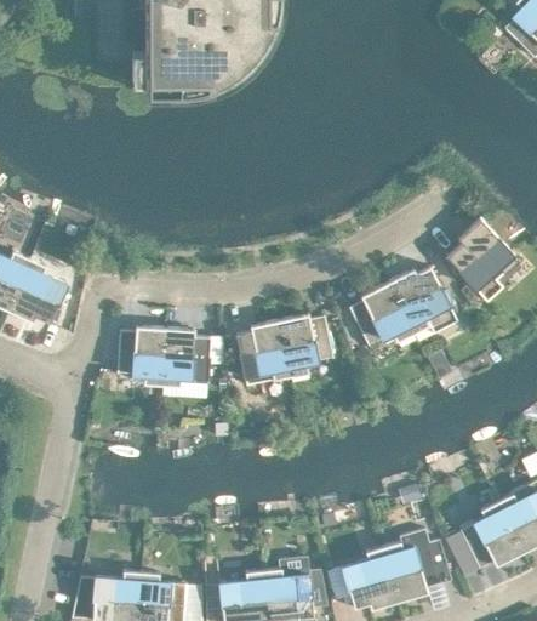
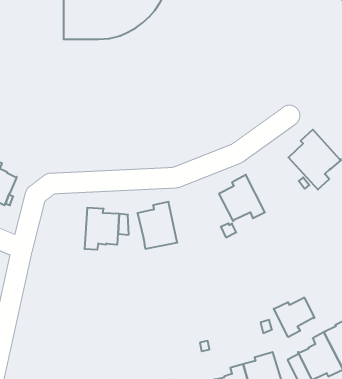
building: [387,268,457,335] -> none
building: [279,317,333,377] -> none
building: [116,327,165,386] -> none
building: none -> [274,297,314,337]

